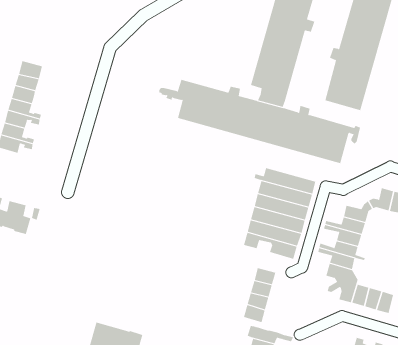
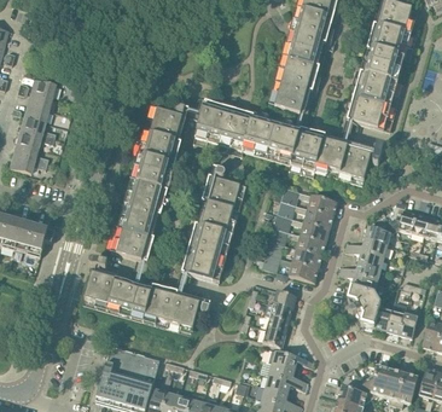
building: none -> [110,109,190,263]
building: none -> [180,167,245,283]
building: none -> [82,259,211,336]

